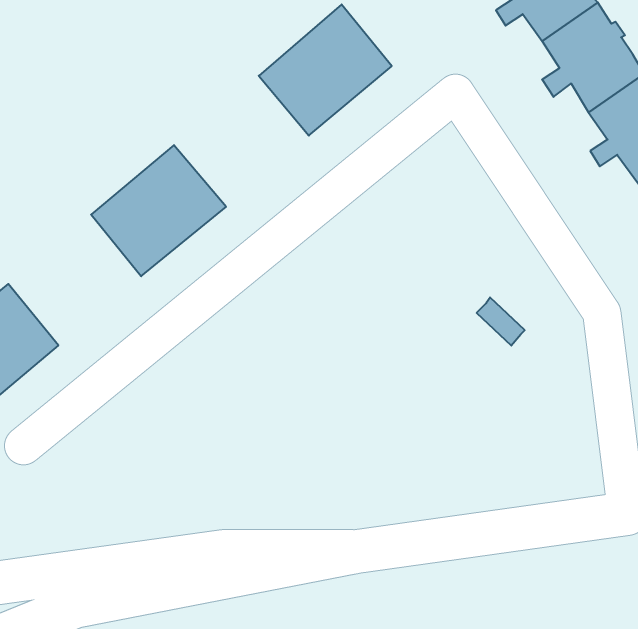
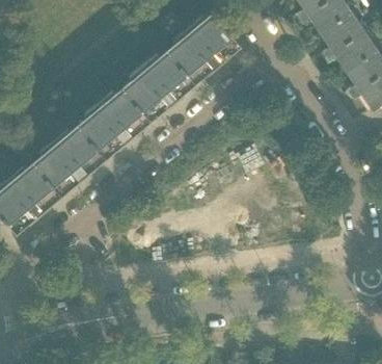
building: none -> [122,50,195,121]
building: none -> [33,125,105,196]

